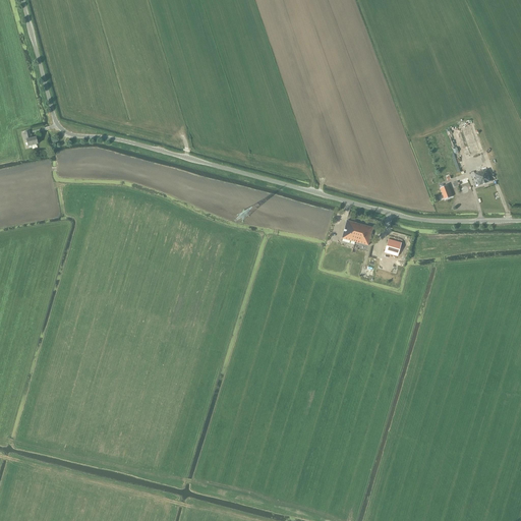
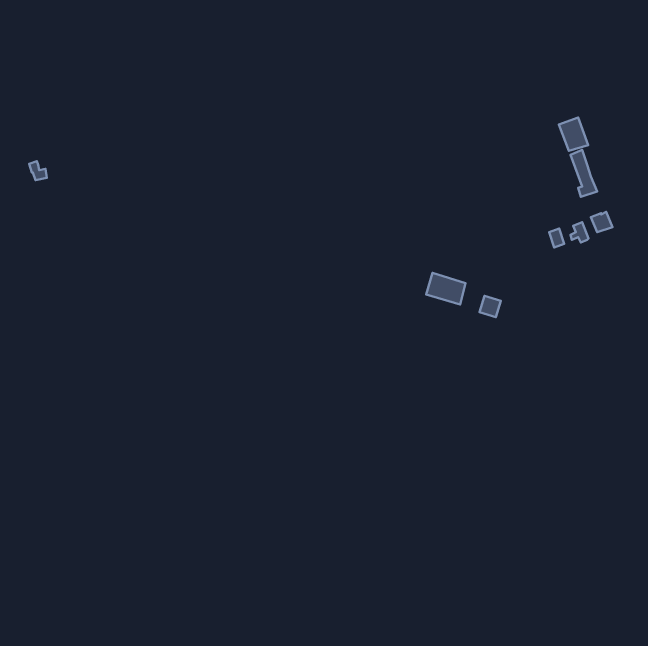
building: none -> [559,117,588,151]

